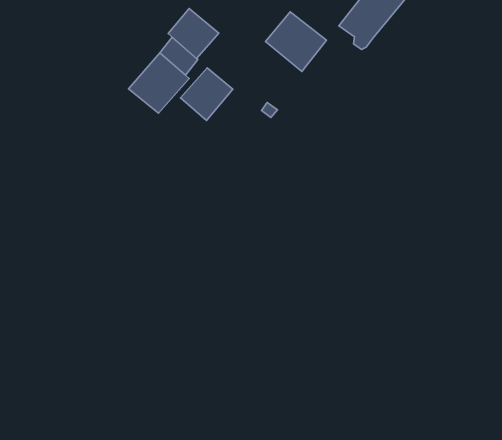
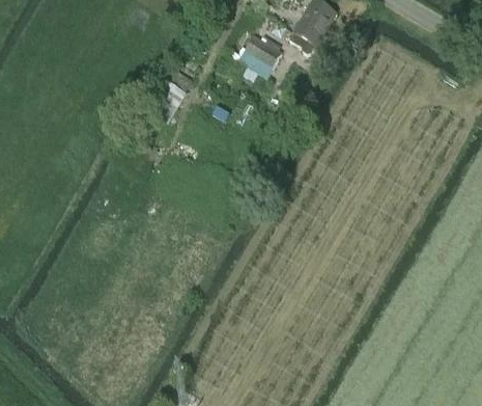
building: [168,8,219,58] -> none
building: [180,68,233,120] -> none

